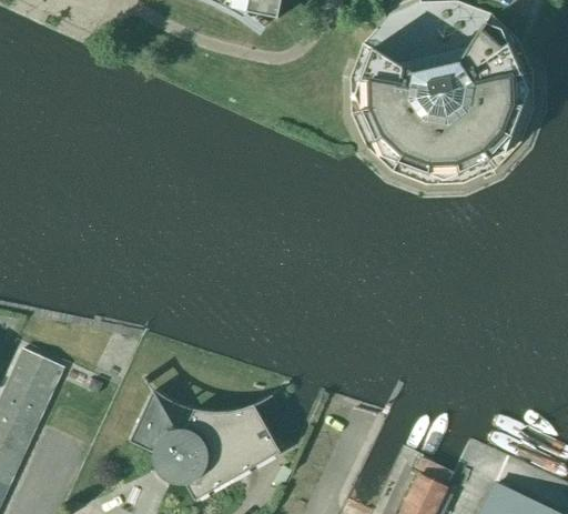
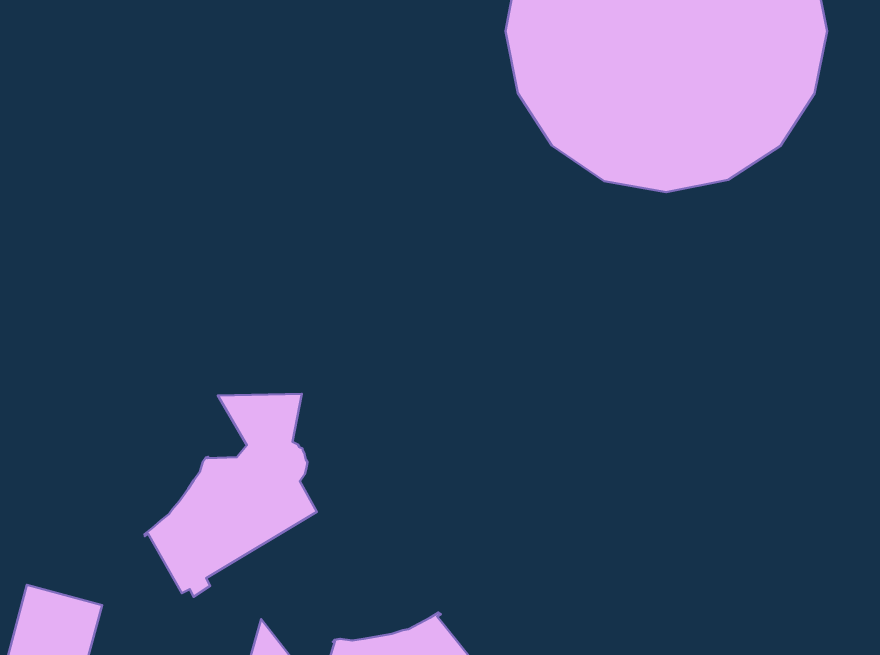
building: none -> [144,394,317,597]

